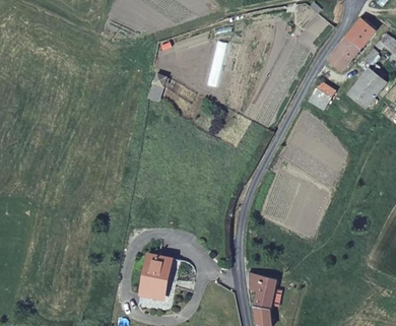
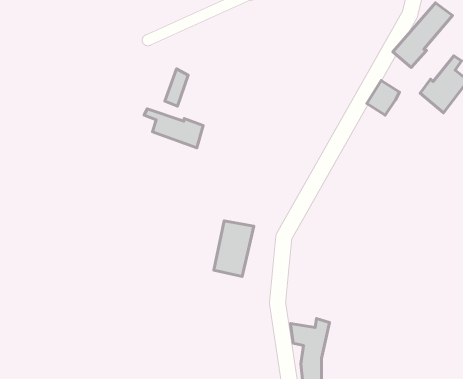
building: none -> [144,109,203,148]
building: [140,255,172,299] -> [214,221,254,277]

